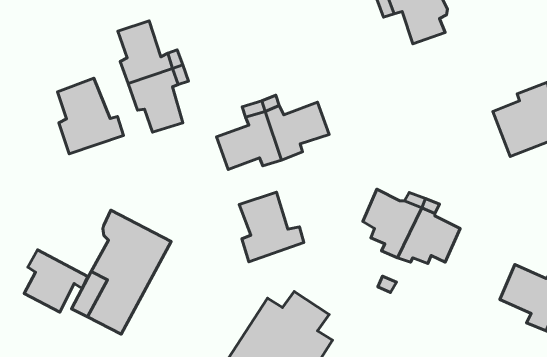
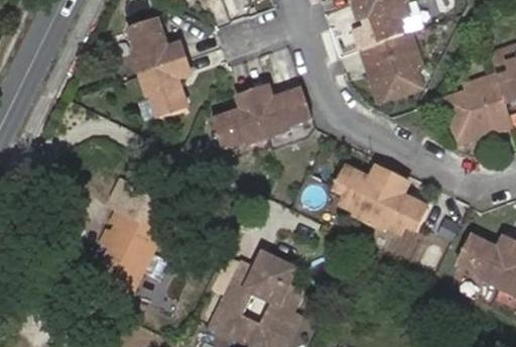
building: none -> [362,28,423,96]
building: [58,78,124,154] -> none
building: [239,192,304,262] -> none
building: [24,250,88,312] -> none

